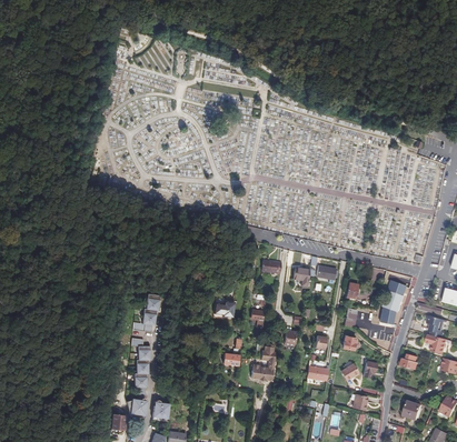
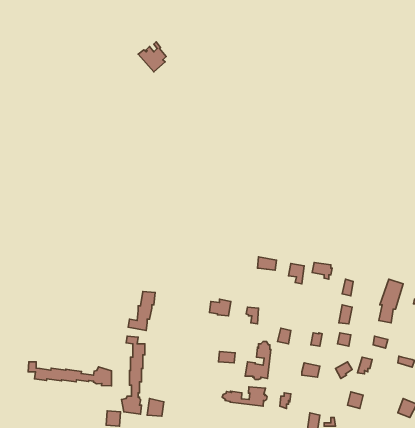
building: none -> [28,362,112,386]
building: none -> [222,387,267,406]

